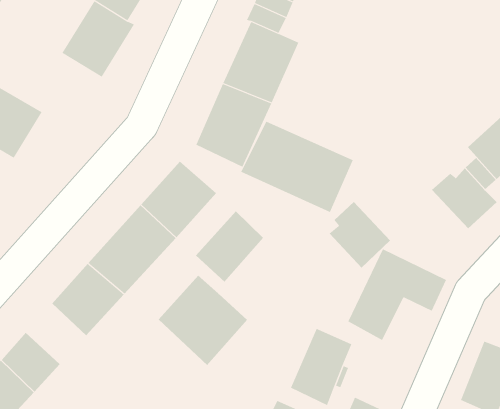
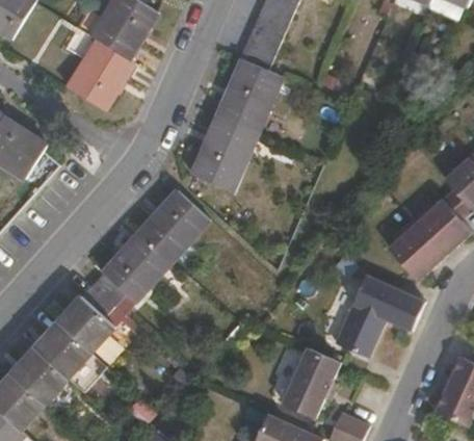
building: [241,121,353,213] -> none
building: [329,201,391,269] -> [386,217,443,280]
building: [195,211,264,283] -> none
building: [158,275,248,366] -> none
building: none -> [34,322,90,379]

